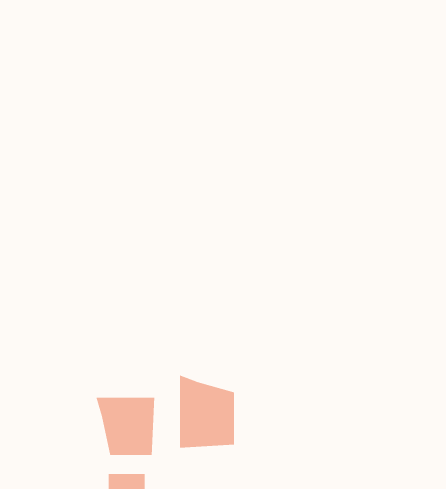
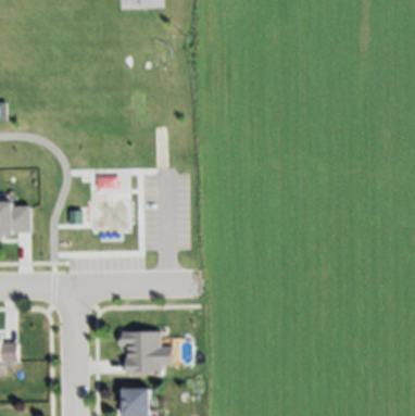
building: [179,375,234,448] -> none

